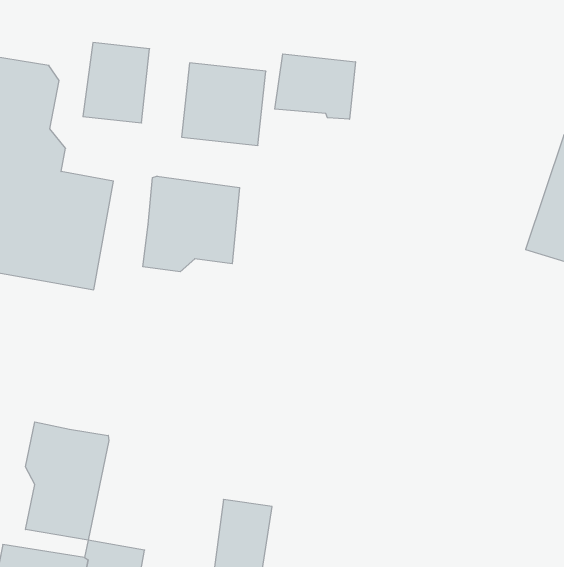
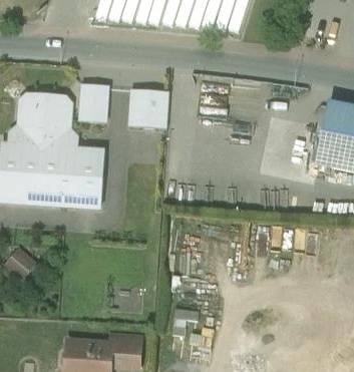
building: [275,54,355,119] -> none
building: [143,176,240,272] -> none
building: [26,422,109,540] -> none

